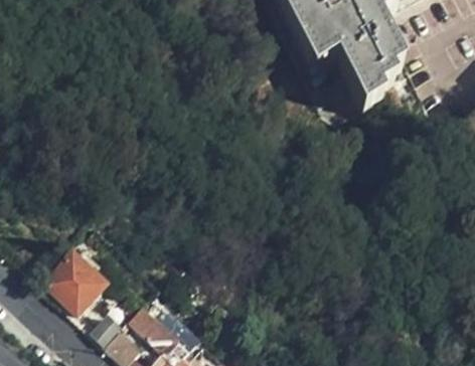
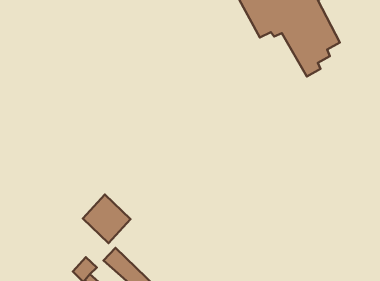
building: [48,257,105,315] -> [83,195,131,243]

